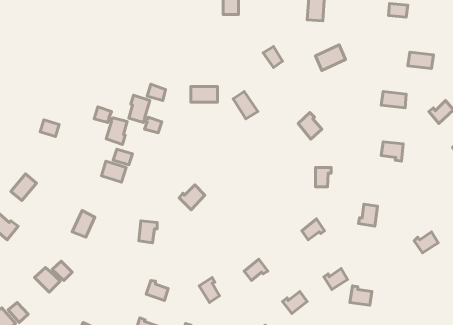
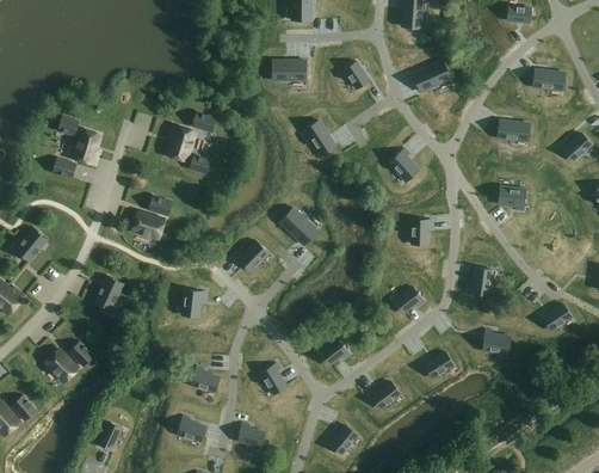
building: [191,87,217,102] -> [272,60,307,80]
building: [94,107,127,144] -> [57,115,100,164]
building: none -> [279,207,317,245]
building: [350,286,372,305] -> [482,328,511,354]

